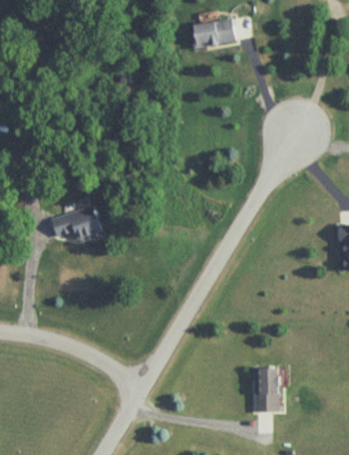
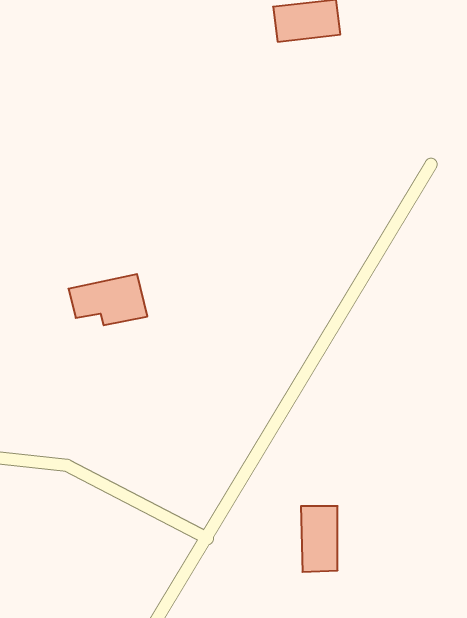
building: [254,367,279,412] -> [301,506,338,572]

